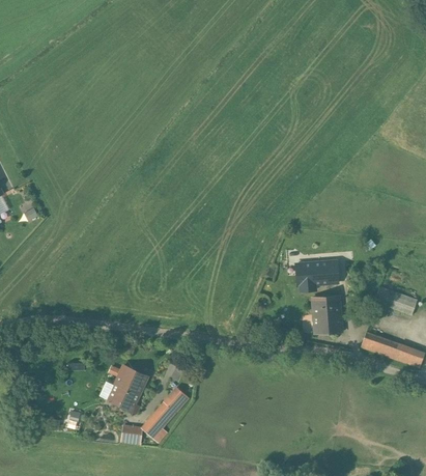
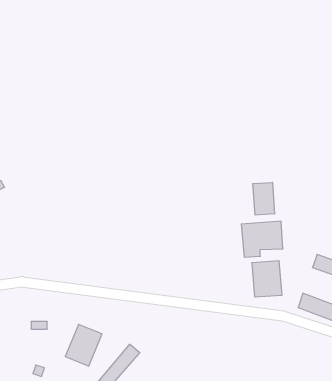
building: none -> [253,182,275,215]

